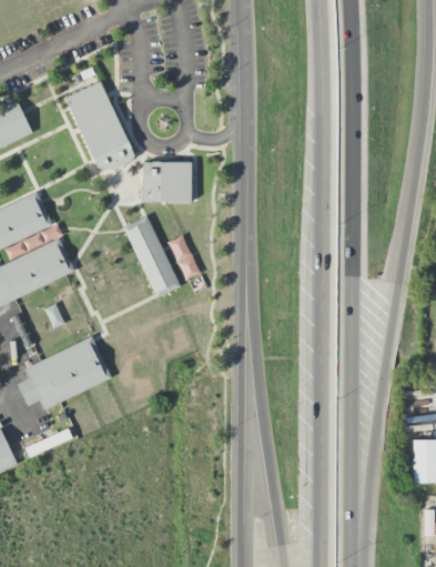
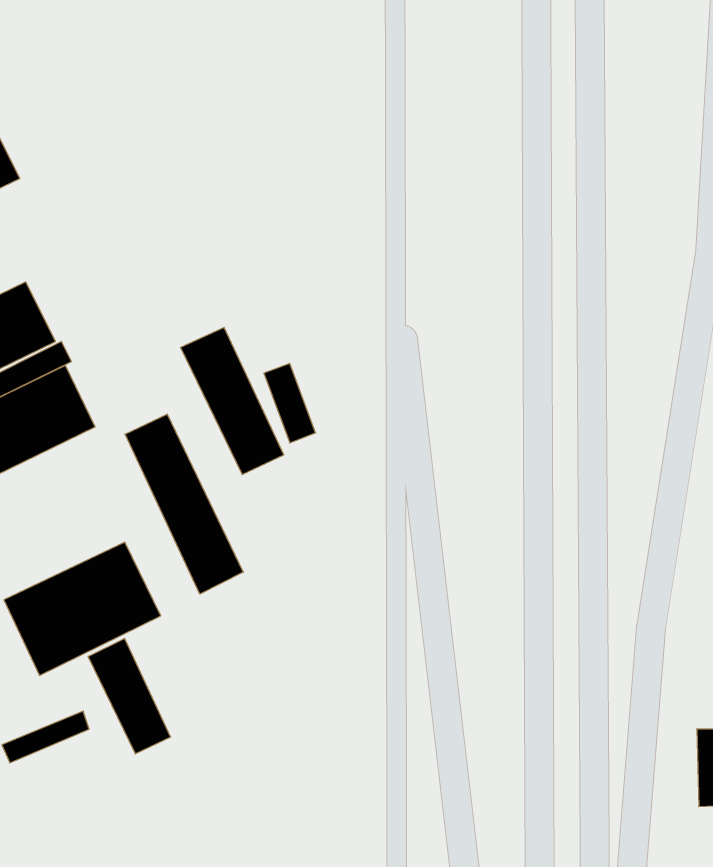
building: [64,81,135,170] -> none
building: [141,162,192,202] -> none
building: none -> [125,414,243,594]
building: none -> [88,638,170,754]

